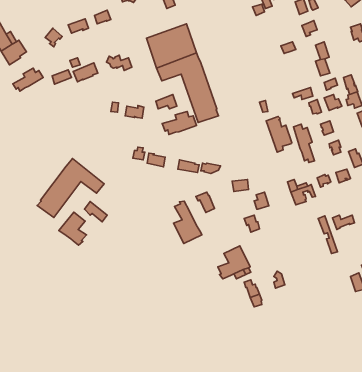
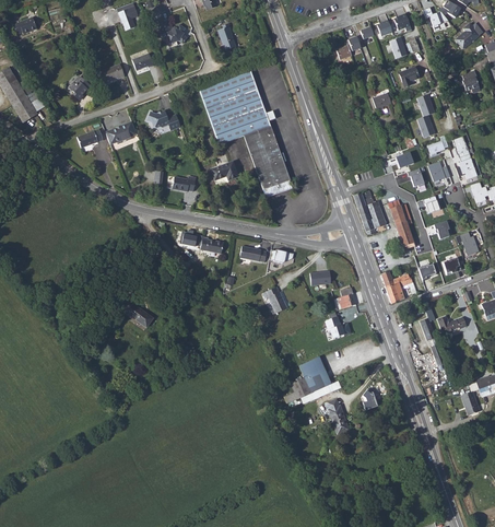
building: [13,68,43,91] -> none
building: [162,111,196,135] -> none
building: [37,159,104,218] -> none
building: [174,201,202,244] -> none
building: [59,212,86,245] -> none

